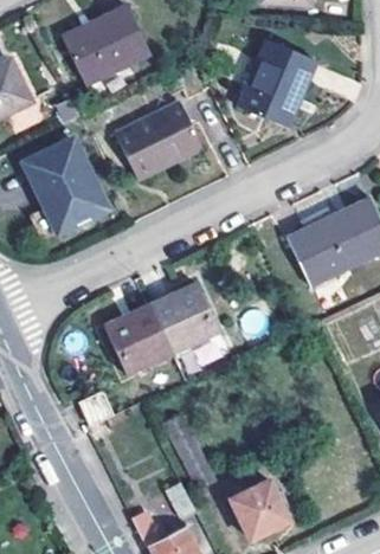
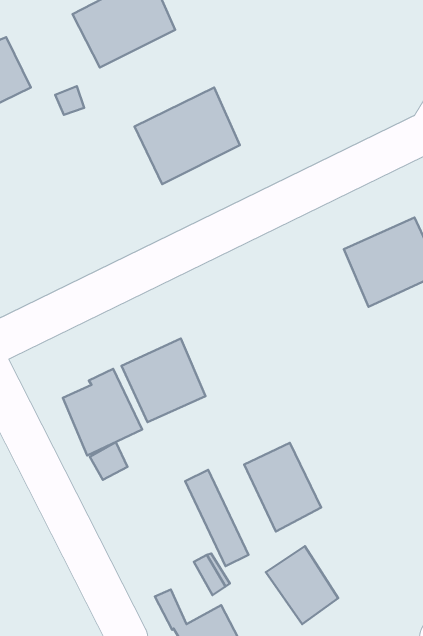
building: [239,39,318,127] -> none
building: [26,138,108,232] -> none
building: [155,283,220,354] -> [63,369,142,455]
building: none -> [244,443,321,531]

